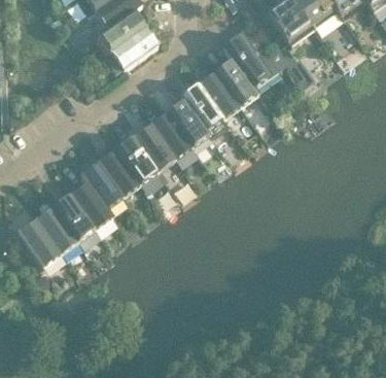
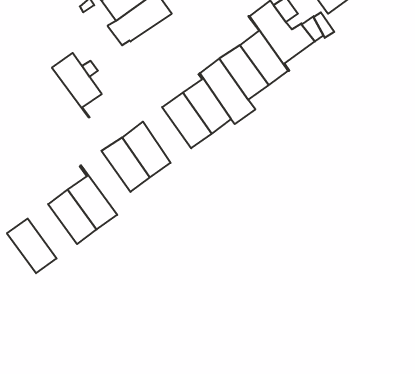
building: [132,124,173,171] -> none
building: [79,161,121,215] -> [52,53,102,117]
building: [34,206,76,252] -> none

